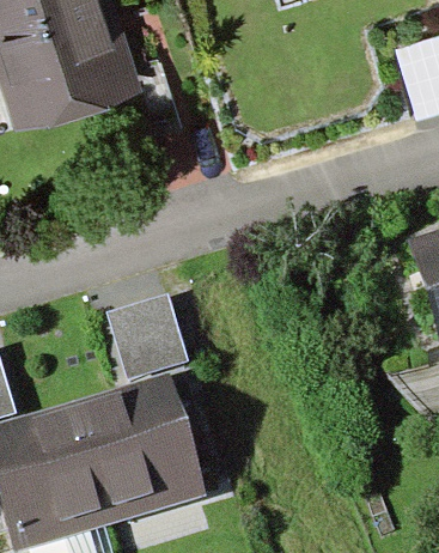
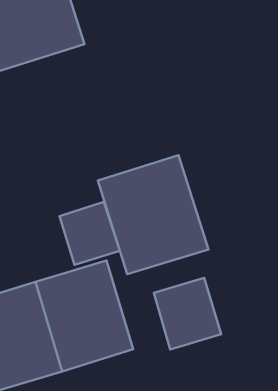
building: none -> [98,155,209,274]
building: none -> [154,278,221,349]

